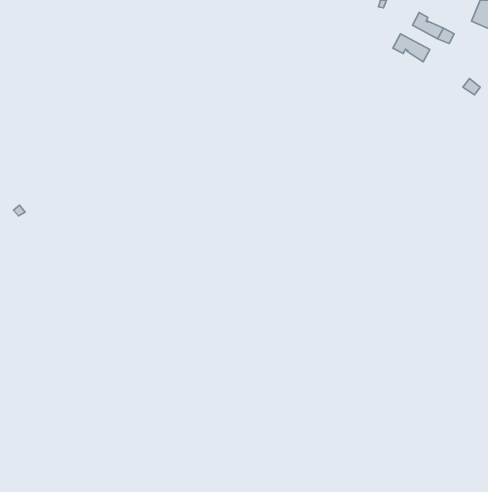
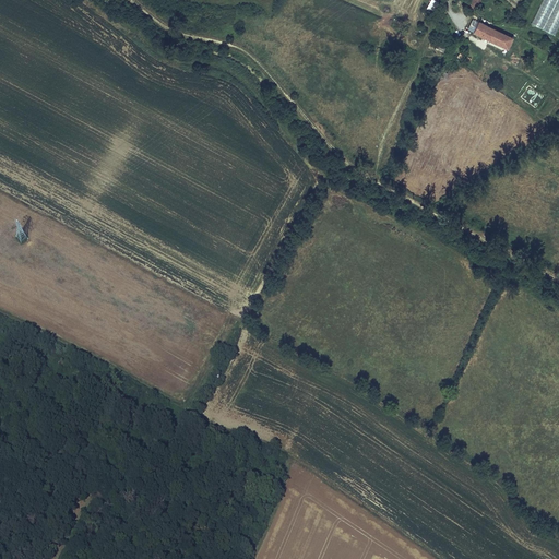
building: [393,34,430,62] -> none

